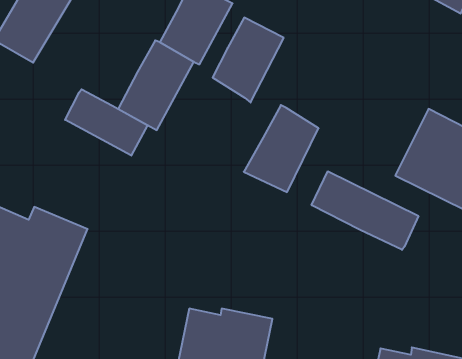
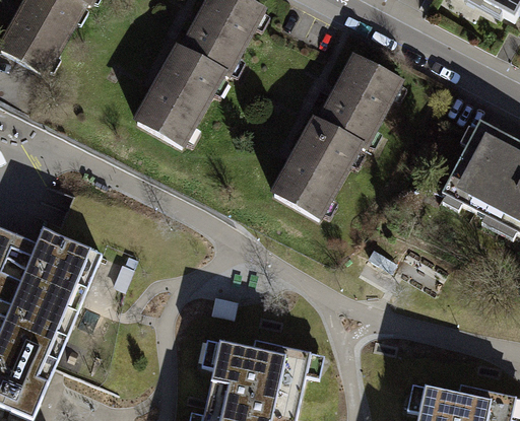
building: [213,18,284,103] -> [321,56,399,149]
building: [65,89,147,156] -> none
building: [312,171,418,250] -> none

